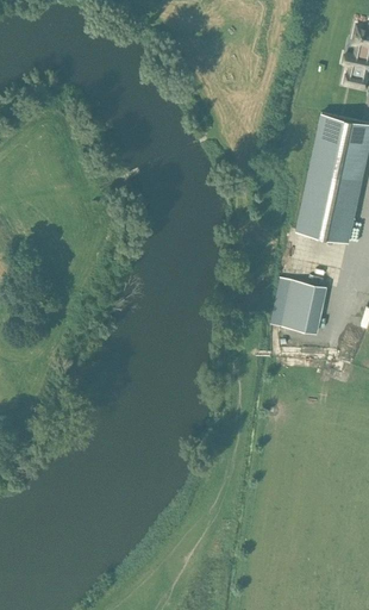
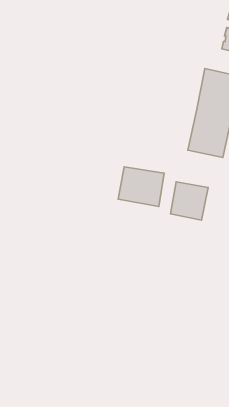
building: none -> [118,167,164,206]

